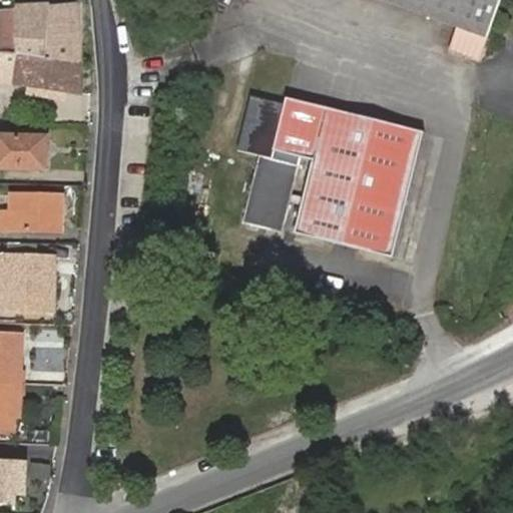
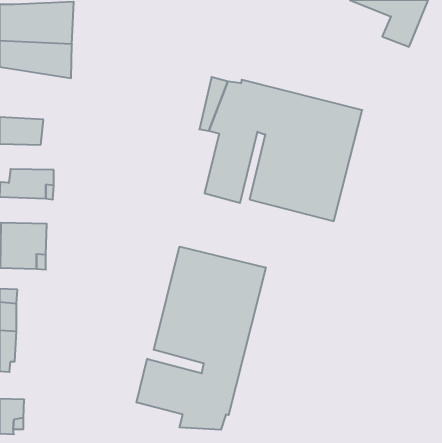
building: none -> [137,247,266,430]

